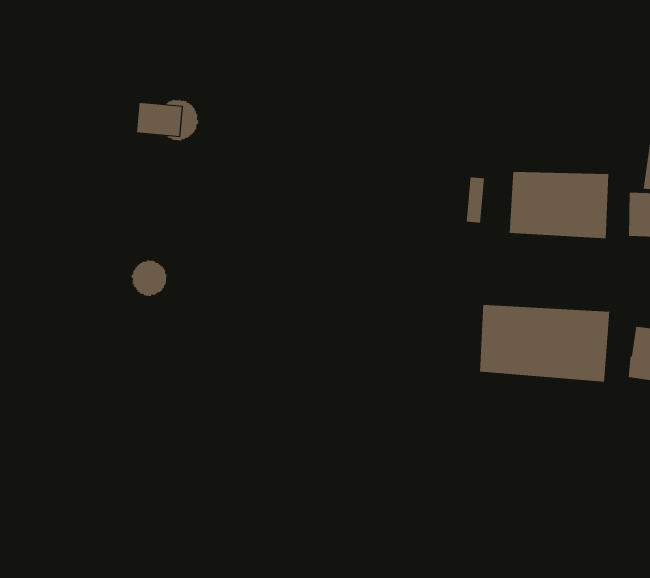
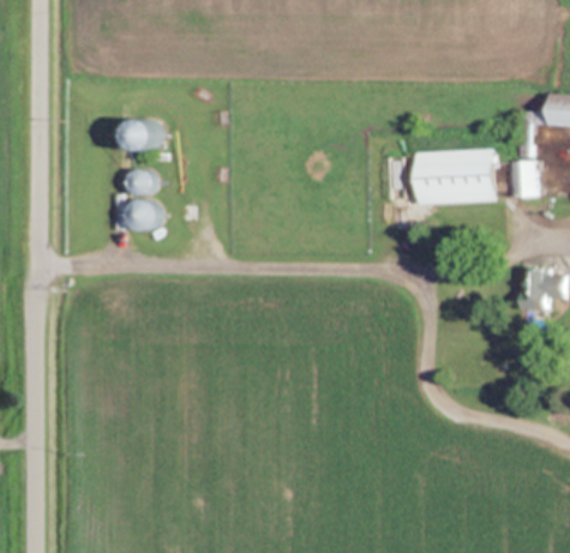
building: none -> [130,168,157,194]
building: [131,260,167,297] -> [130,202,158,230]
building: [480,304,610,382] -> none

